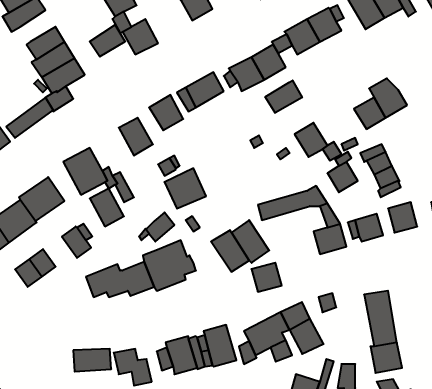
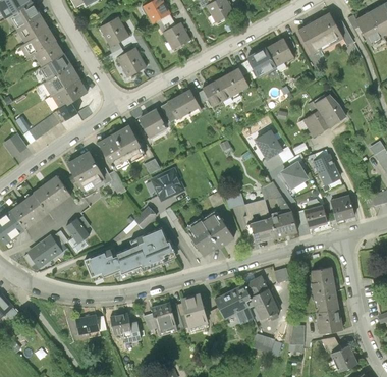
building: [90,25,125,57] -> [34,41,62,66]
building: [265,80,302,113] -> none
building: [90,188,124,226] -> [98,136,125,166]
building: [251,263,282,292] -> [251,219,275,243]

